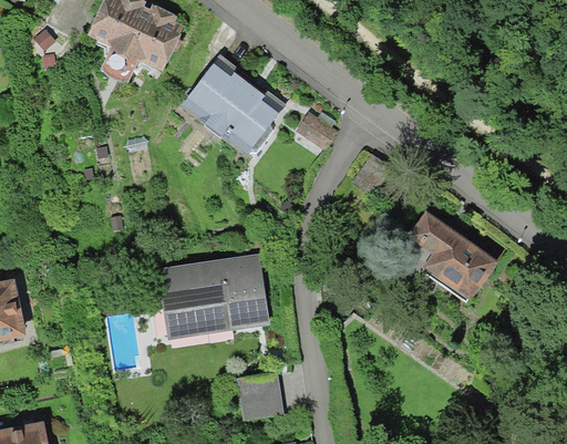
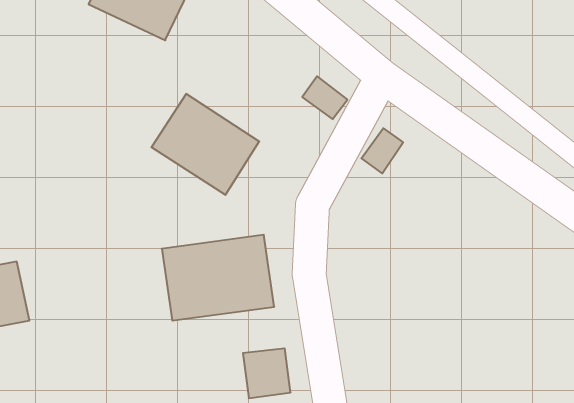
building: [184,59,287,155] -> [151,94,259,195]
building: [401,208,488,298] -> none

